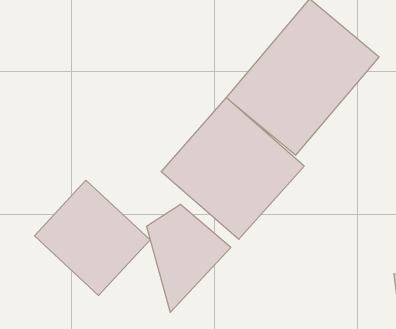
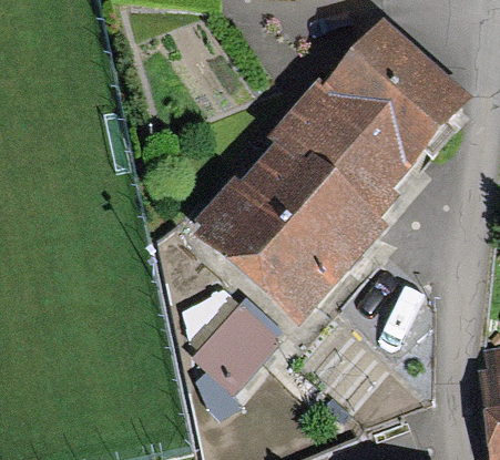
building: [35,180,150,295] -> none

